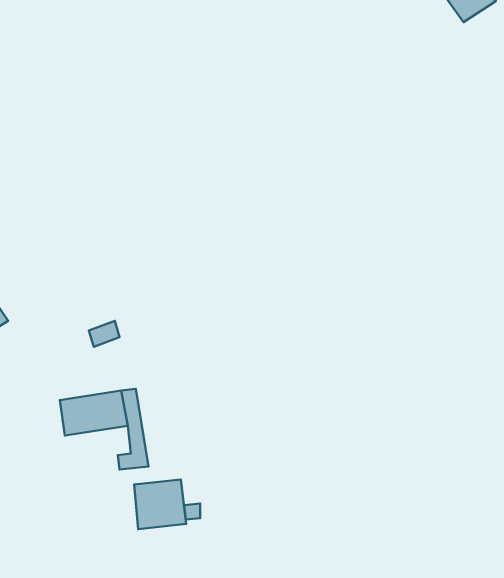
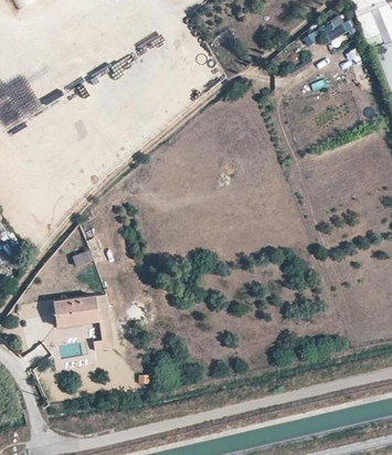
building: [134,479,186,529] -> none

